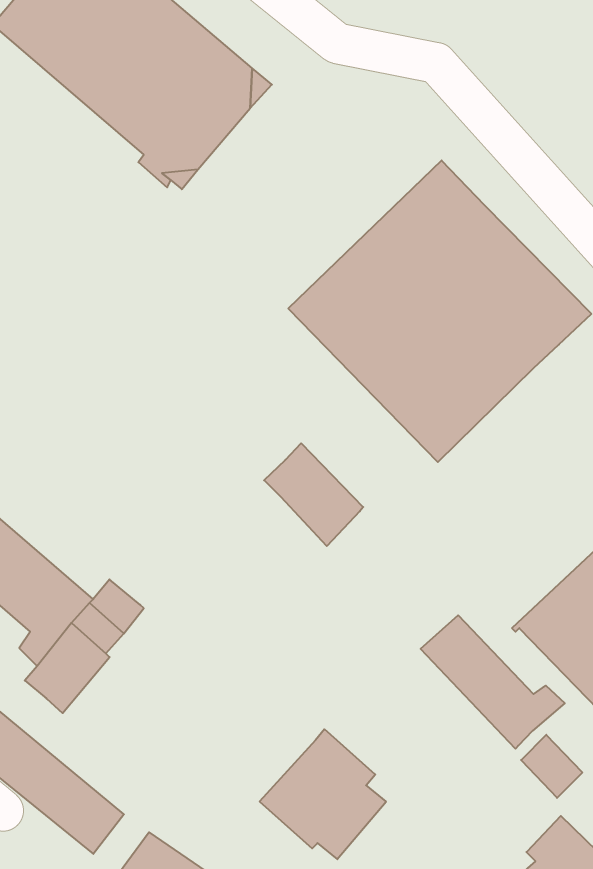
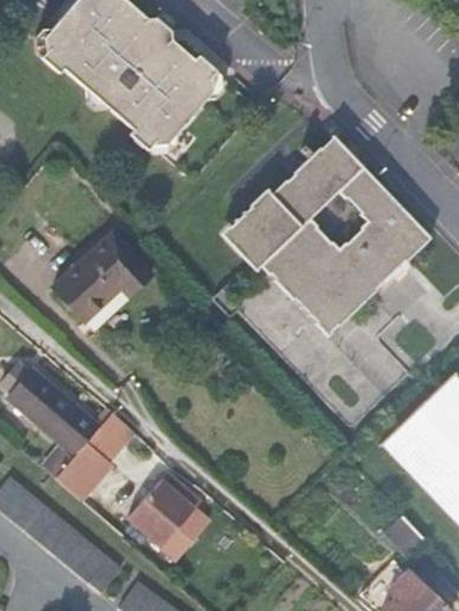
building: none -> [52,233,151,320]
building: [264,443,363,546] -> none
building: [421,615,565,749] -> none
building: [260,729,386,859] -> [125,469,209,555]

